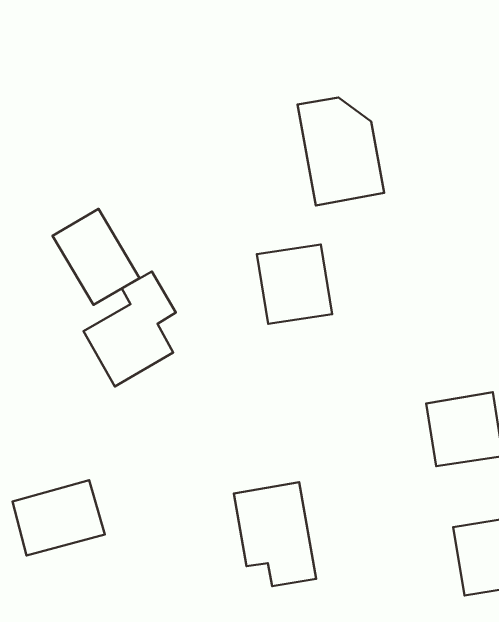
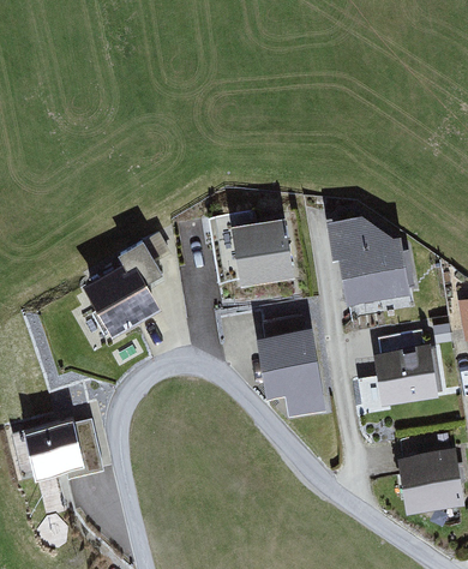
building: [297,97,384,205] -> [325,221,398,312]
building: [53,209,139,305] -> none
building: [234,482,316,586] -> [257,328,326,415]

